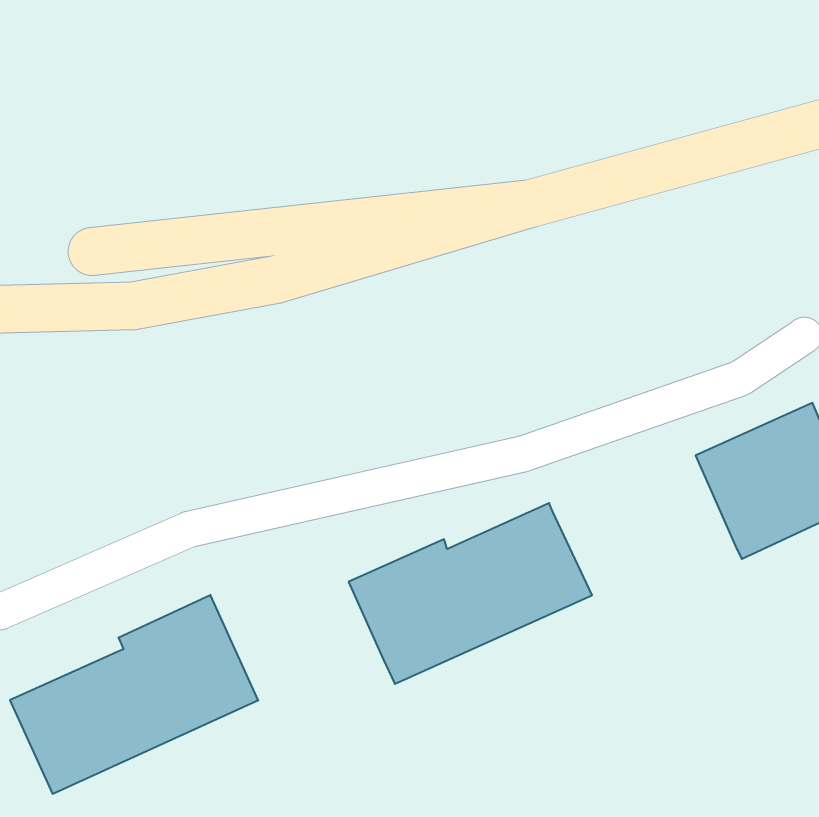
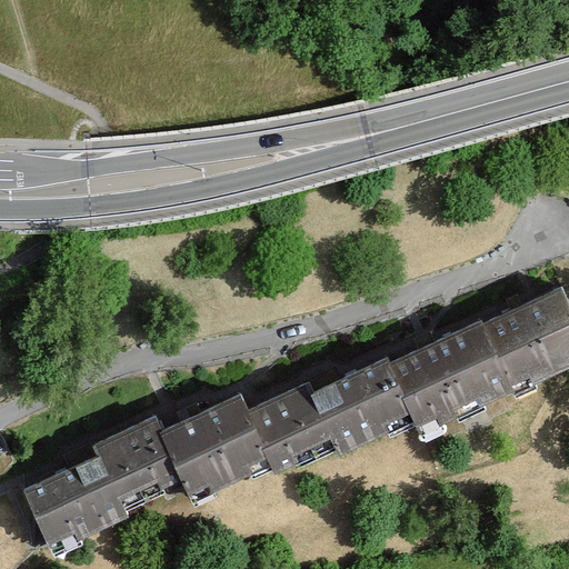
building: none -> [388,319,512,429]
building: none -> [161,391,273,498]

